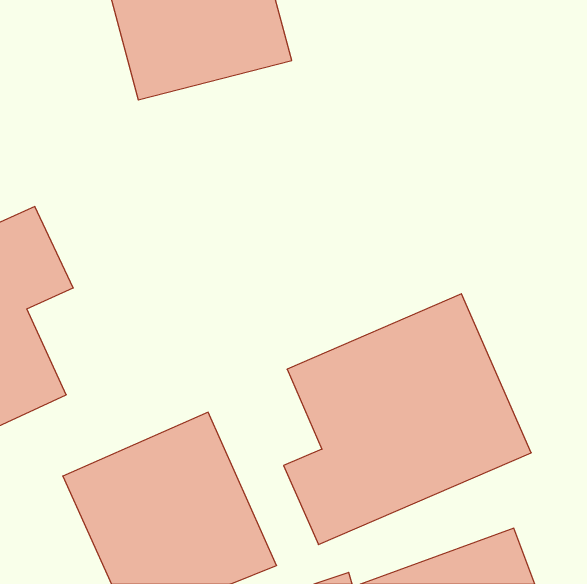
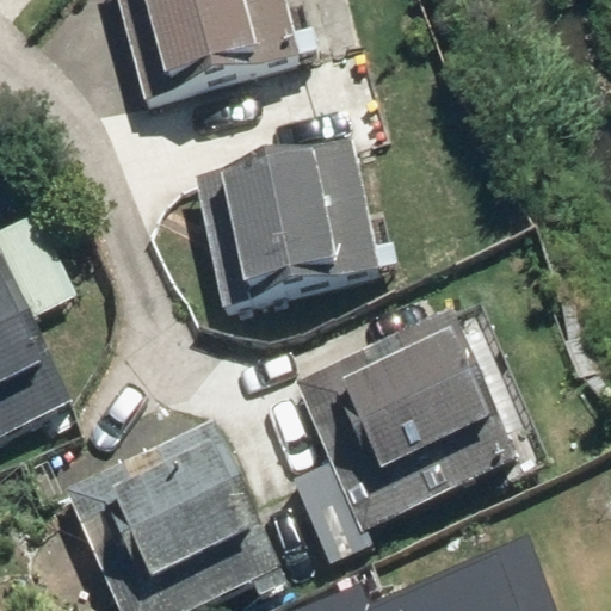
building: none -> [193,146,378,308]

